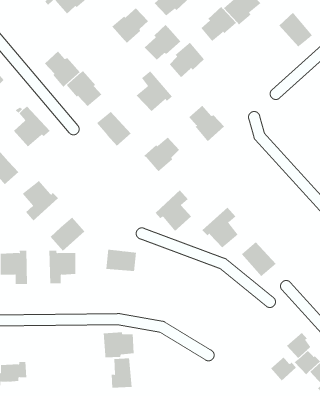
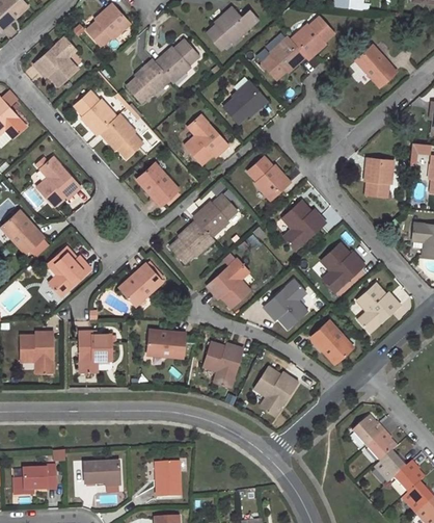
building: none -> [33,36,78,86]
building: [144,24,181,61] -> [126,58,170,102]
building: none -> [364,158,394,198]
building: none -> [281,200,326,251]
building: none -> [169,219,214,263]
building: none -> [321,242,364,292]
building: none -> [356,283,401,332]
building: [50,217,85,251] -> [119,263,162,305]
building: none -> [202,341,244,388]
building: none -> [253,366,298,416]
building: [103,332,134,358] -> none
building: [270,356,297,381] -> [351,416,383,446]
building: none -> [80,462,115,483]

